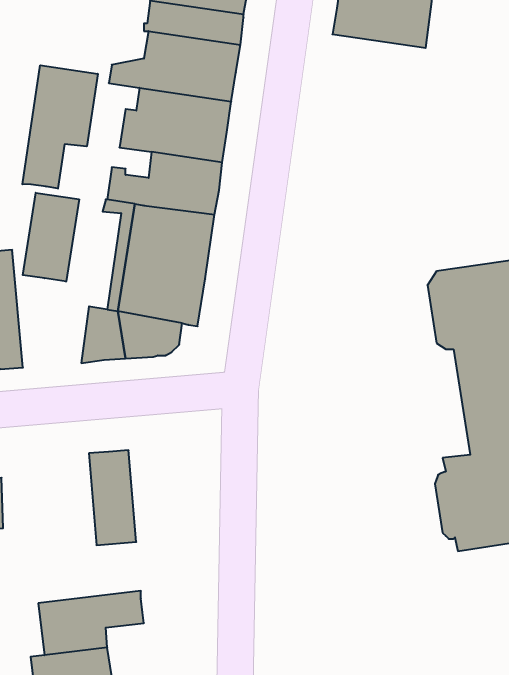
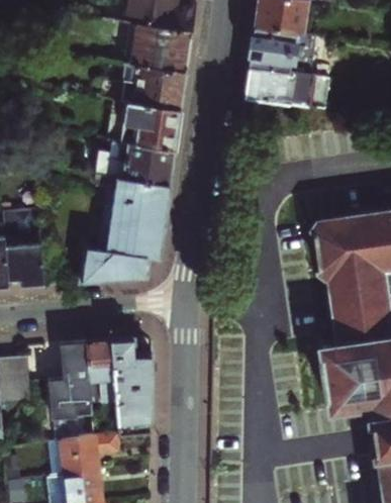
building: none -> [243,65,312,106]
building: [22,65,98,189] -> none
building: [23,193,79,282] -> none
building: none -> [113,338,157,437]
building: none -> [48,341,93,418]

